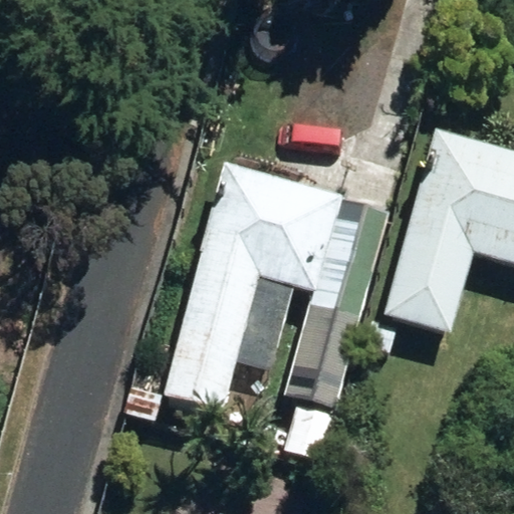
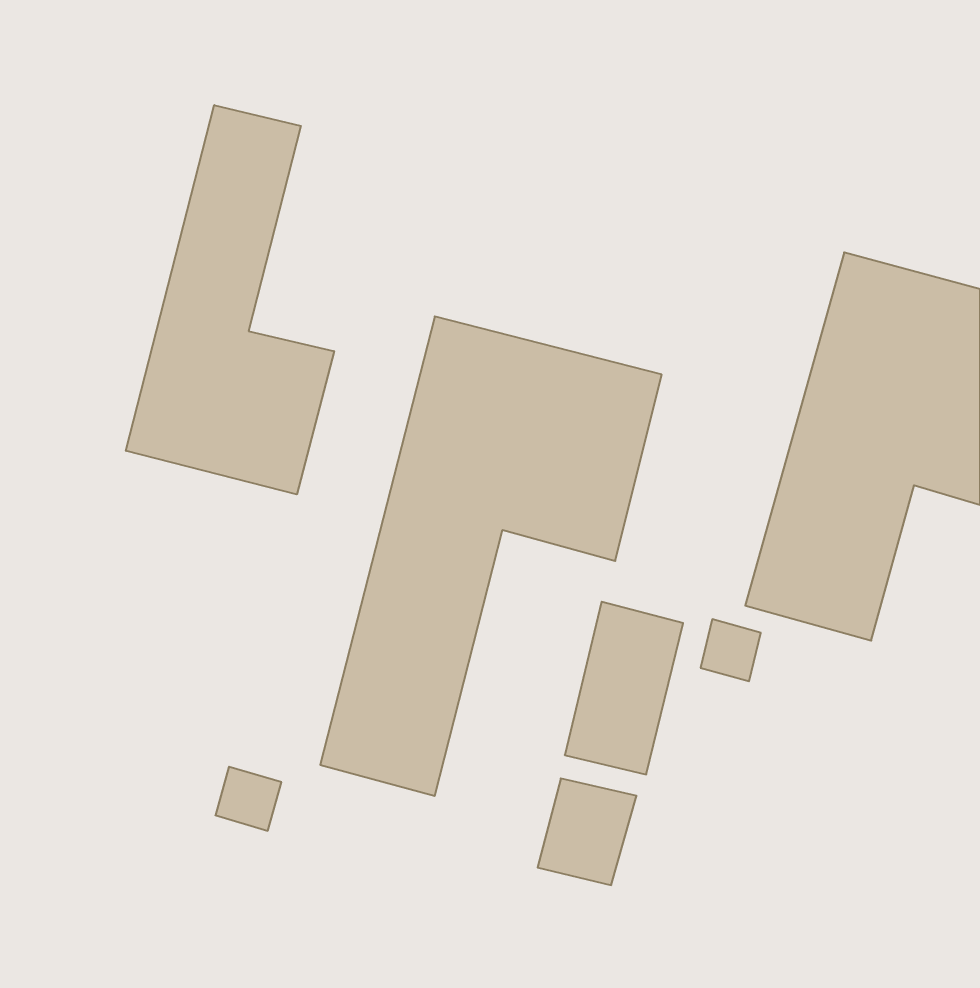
building: none -> [126,105,334,494]

